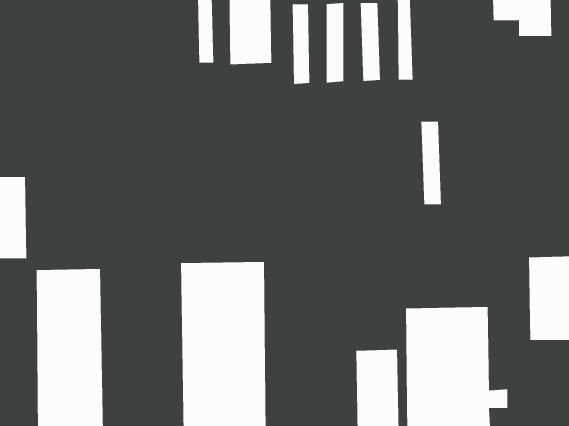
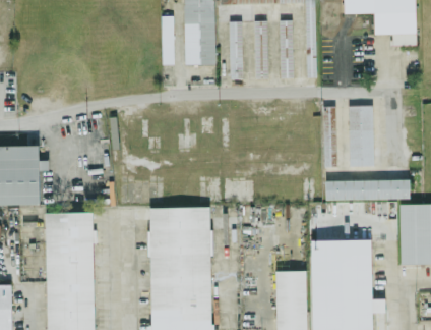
building: none -> [349,105,374,166]
building: none -> [325,179,410,200]

